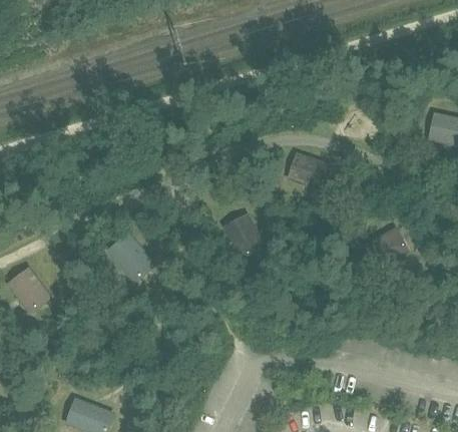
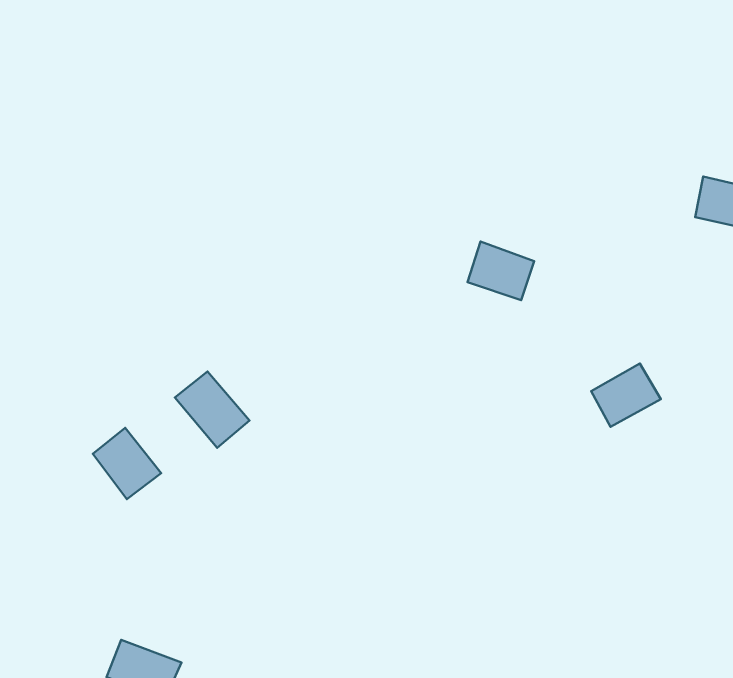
building: [224,214,264,258] -> none
building: [8,268,50,312] -> [93,428,161,499]

